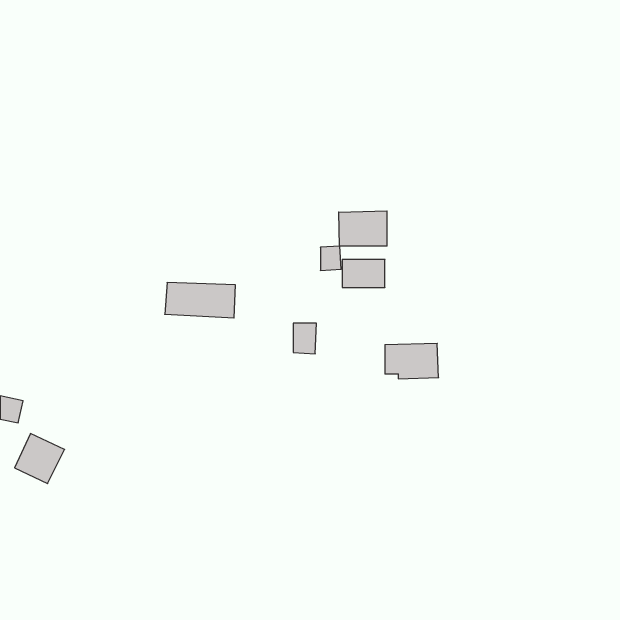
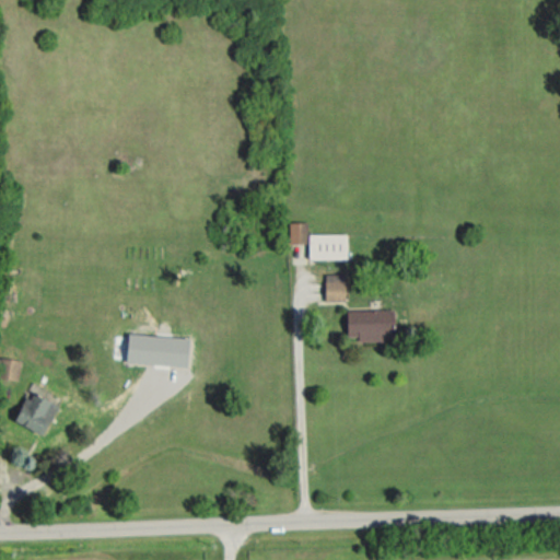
building: [339,211,387,246] -> none
building: [165,283,235,318] -> [127,336,190,368]
building: [293,323,316,354] -> [326,276,347,303]

